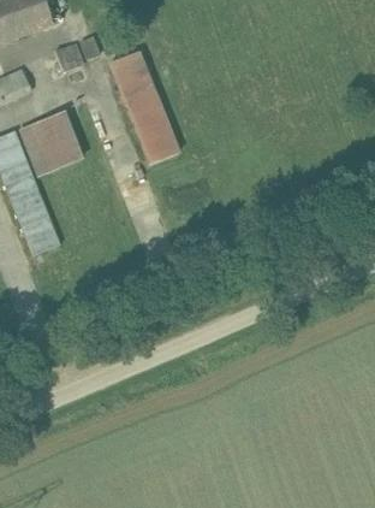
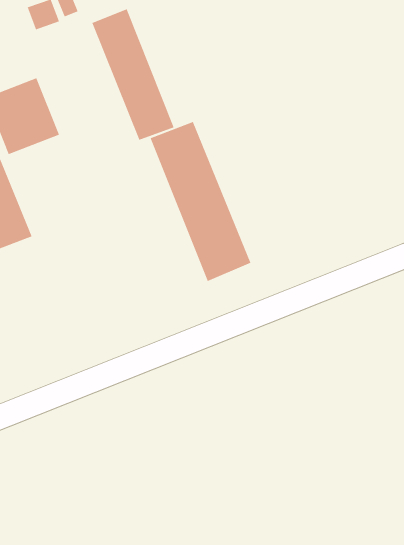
building: none -> [150,121,251,282]

